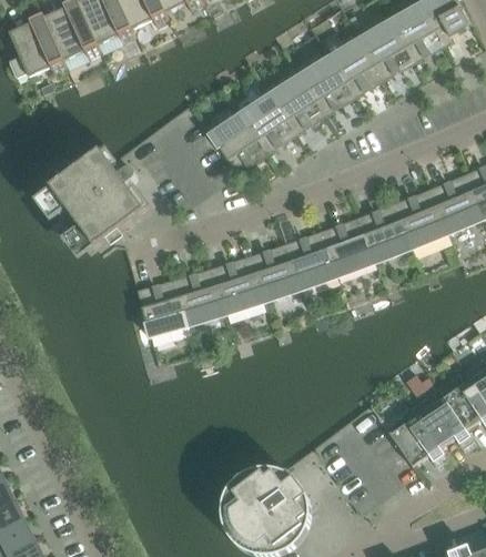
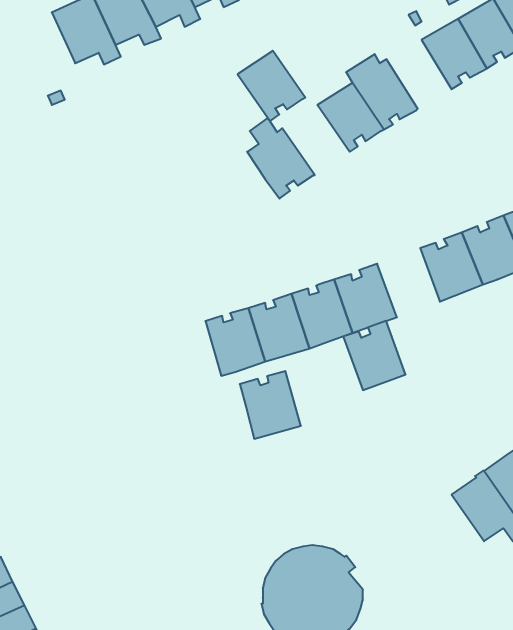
building: [9,17,69,78] -> none
building: [330,40,385,99] -> none
building: [241,95,298,155] -> [238,51,305,121]
building: [44,148,152,254] -> none
building: [322,217,375,276] -> [343,321,406,390]
building: [136,280,189,337] -> [240,371,301,439]

